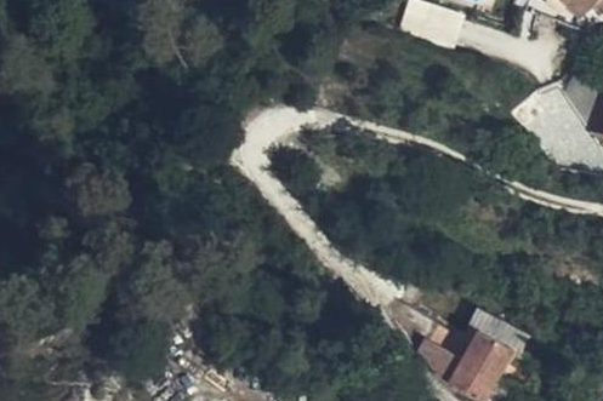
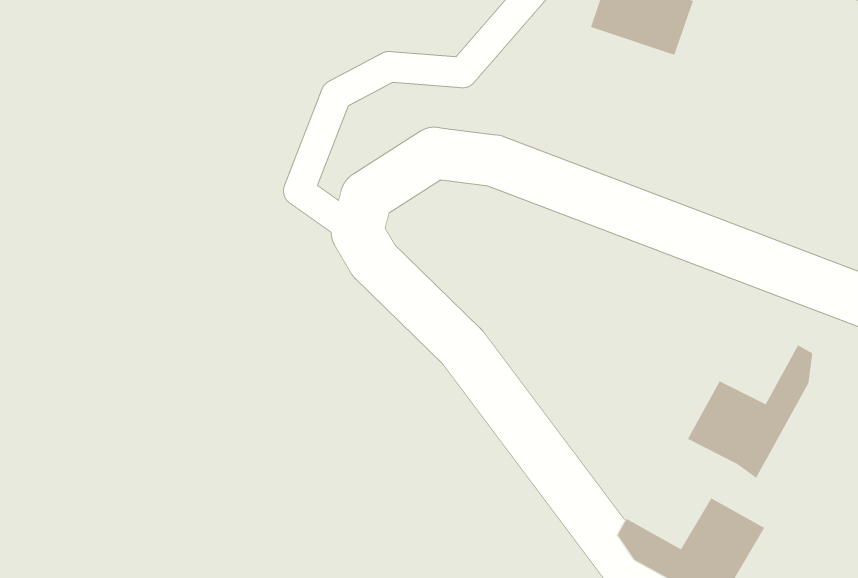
building: none -> [687,345,813,479]

